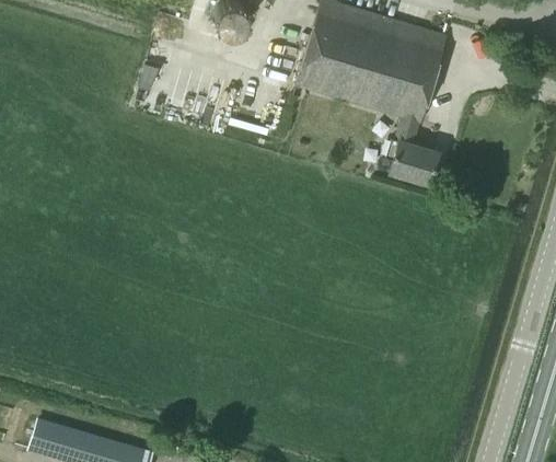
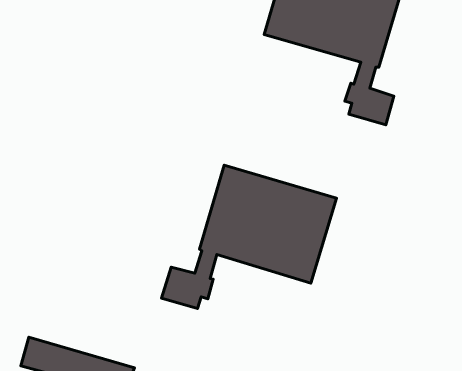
building: none -> [161,165,336,309]

